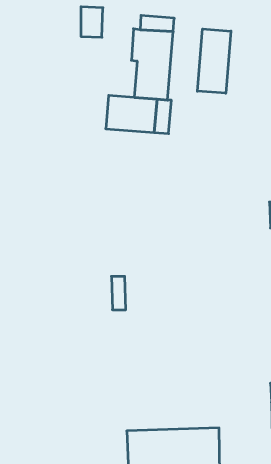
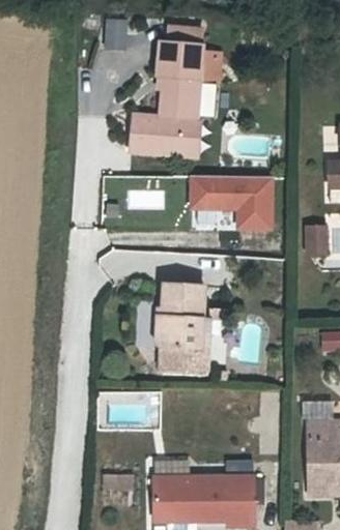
building: [197,29,231,93] -> none
building: none -> [189,179,273,234]
building: none -> [155,287,209,372]

